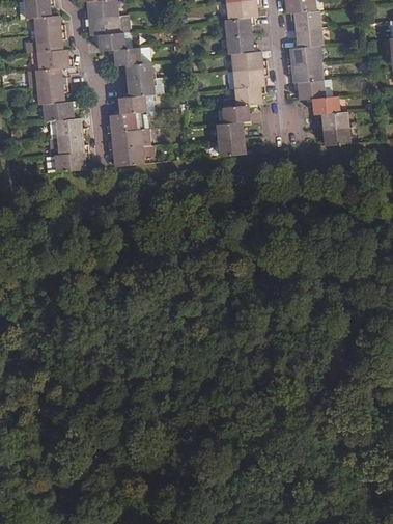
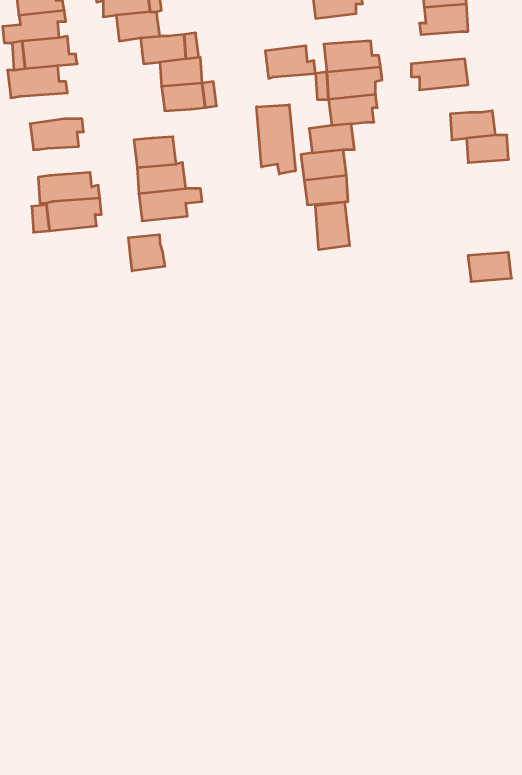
building: [225,33,257,54] -> [265,46,316,78]
building: [285,45,320,65] -> none
building: [291,79,324,100] -> none
building: [36,84,67,104] -> none
building: none -> [257,105,295,174]
building: [118,94,146,113] -> none
building: [54,117,85,137] -> none
building: [322,127,350,145] -> [468,252,512,282]
building: none -> [316,202,350,250]
building: none -> [128,235,165,271]

